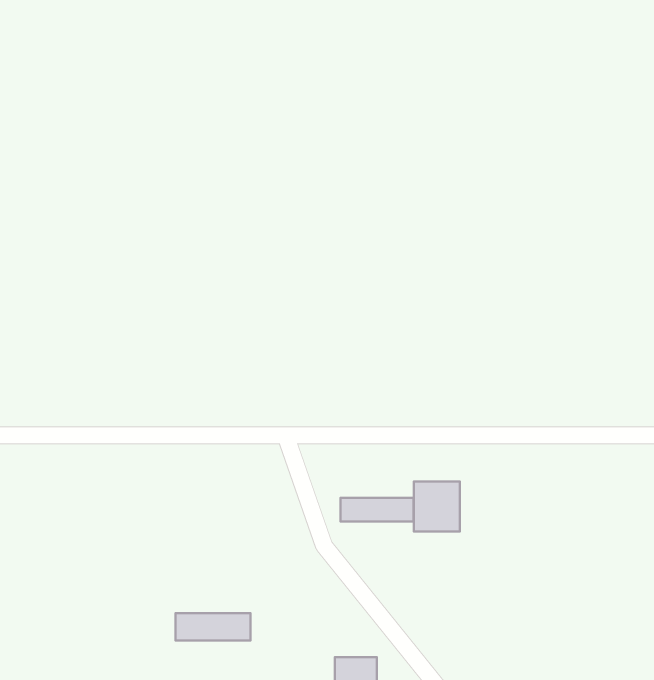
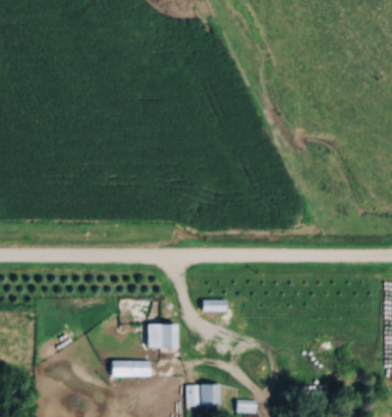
building: [414,482,460,531] -> none
building: none -> [145,325,178,348]

